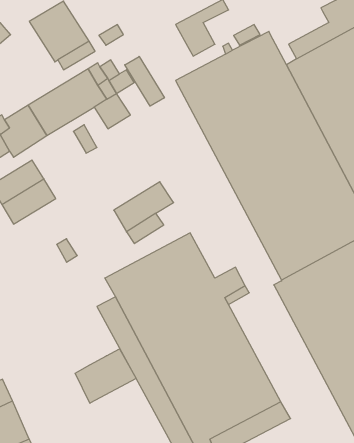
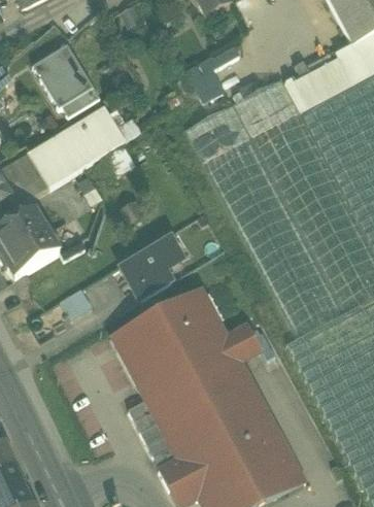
building: none -> [287,54,346,109]
building: [125,56,164,106] -> none
building: [75,349,136,403] -> none

